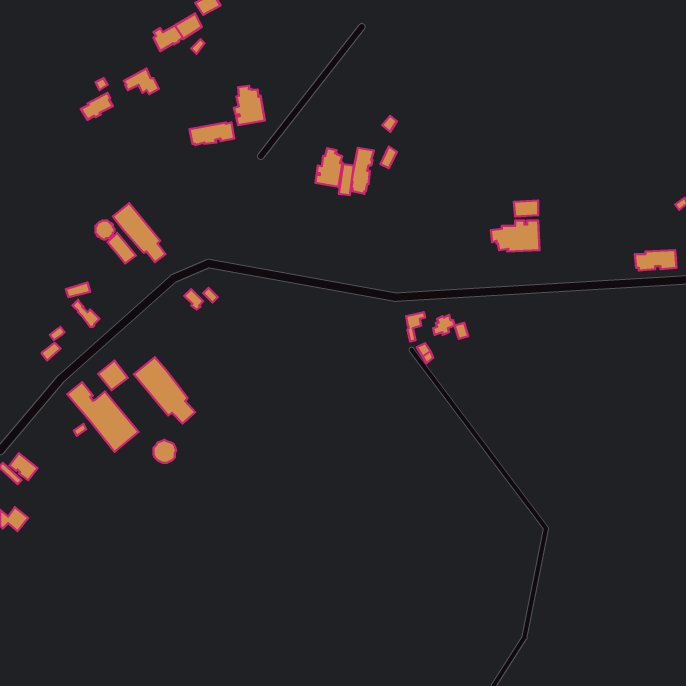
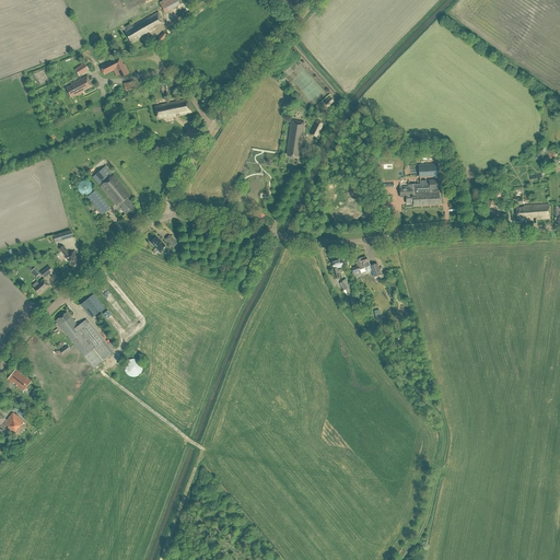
building: [234,86,265,125] -> none
building: [316,148,343,187] -> none
building: [134,357,195,424] -> none

